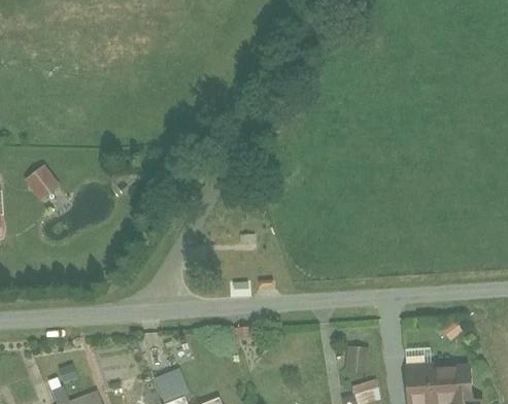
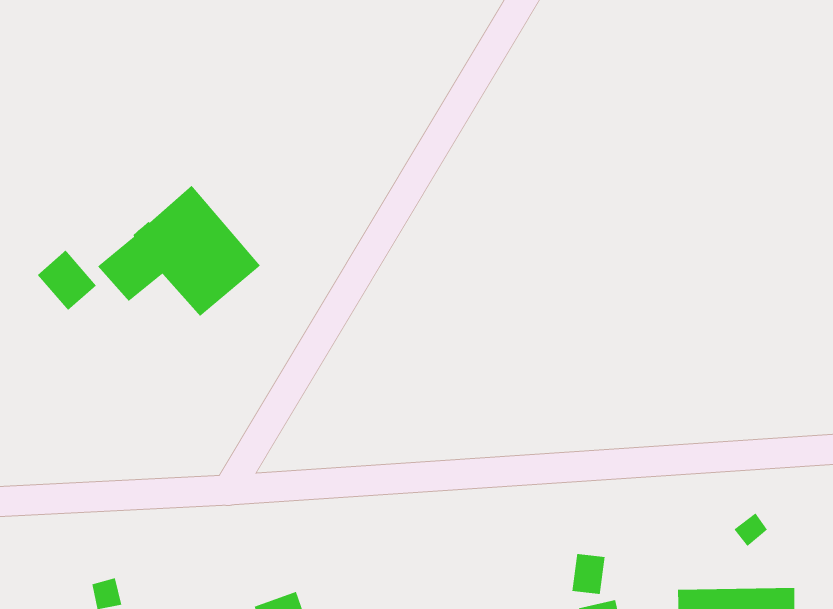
building: none -> [97,185,261,317]

